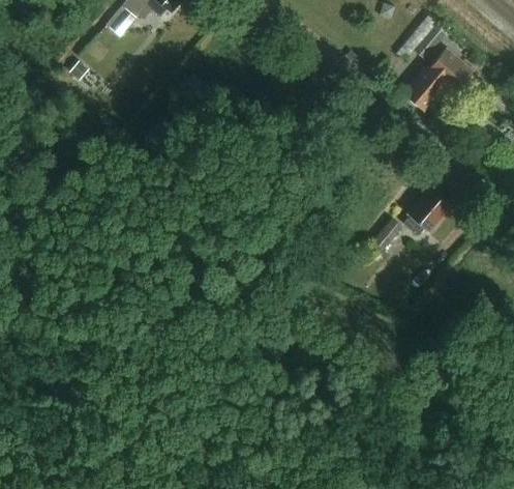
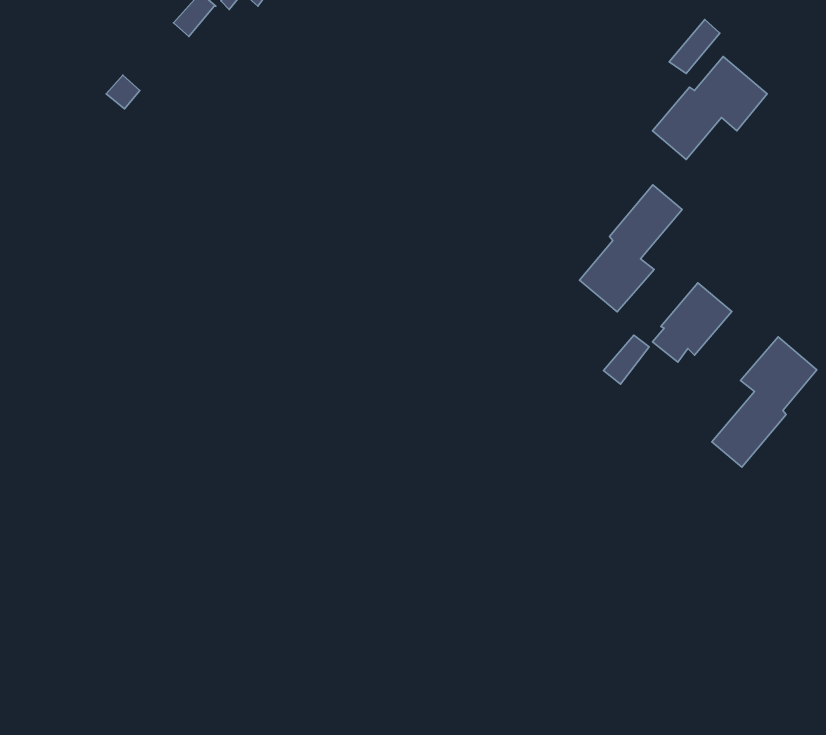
building: none -> [580,185,682,312]
building: none -> [712,337,817,467]

